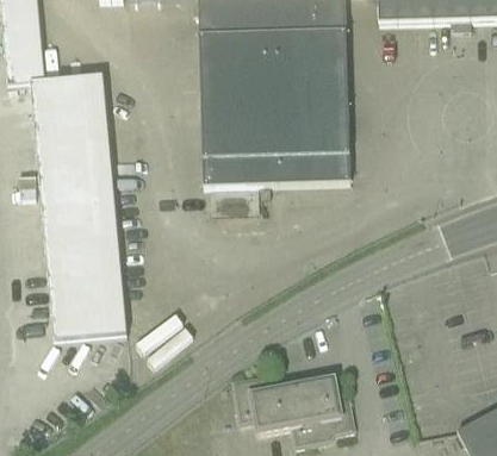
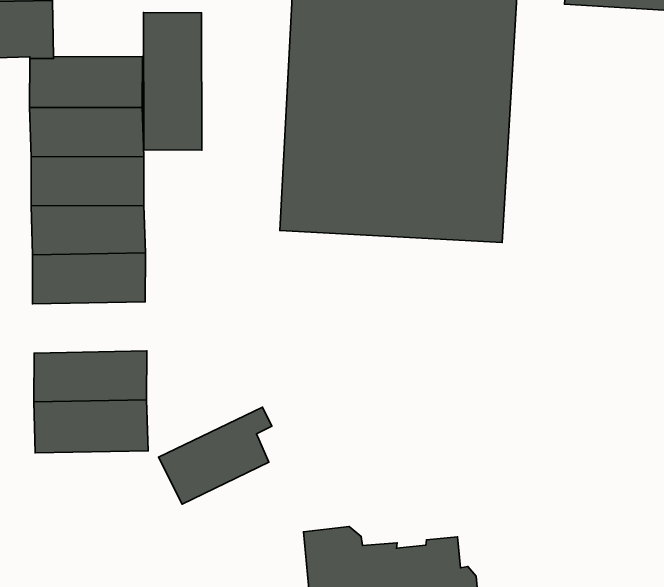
building: none -> [143,12,202,150]
building: [44,237,122,276] -> none

